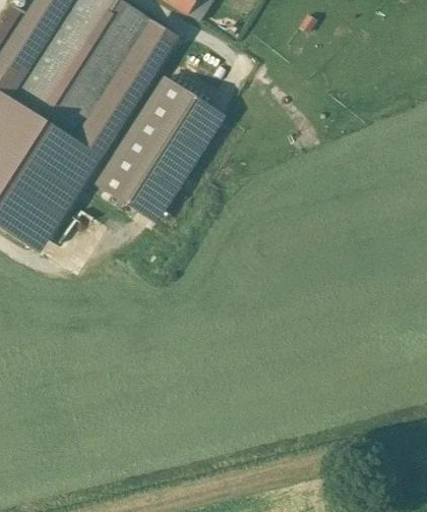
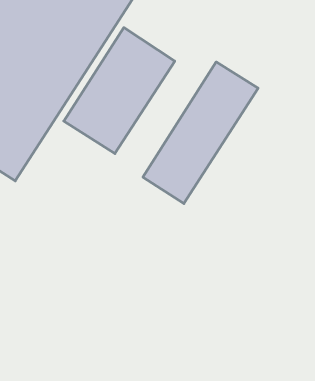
building: none -> [143,62,258,204]

